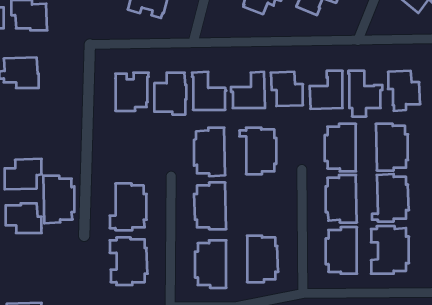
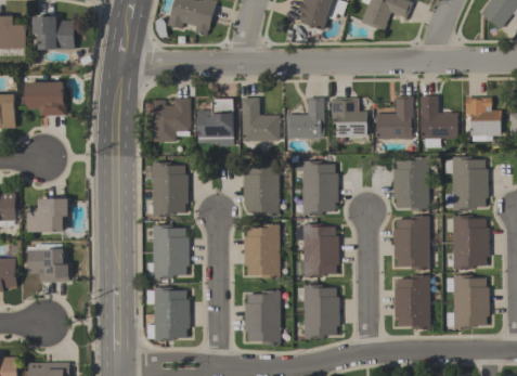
building: [43,176,74,223] -> [152,163,188,217]
building: none -> [302,223,338,277]

